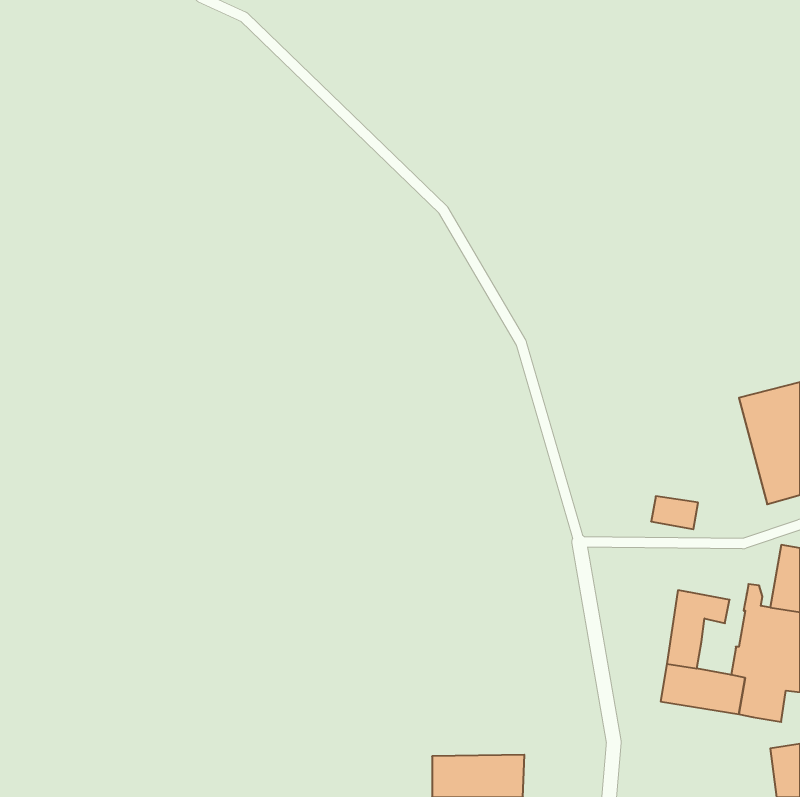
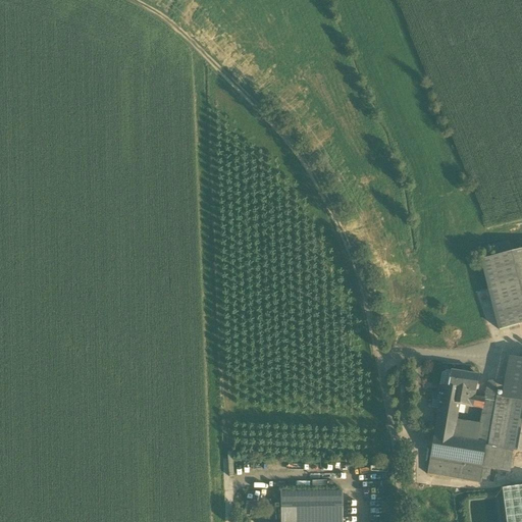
building: [651,496,698,529] -> [448,369,478,390]
building: none -> [454,418,479,439]
building: none -> [427,457,490,481]

